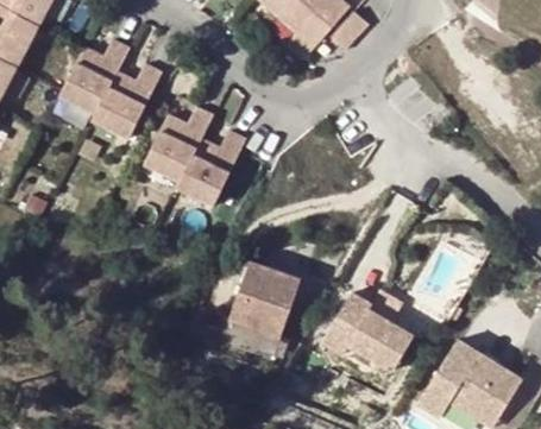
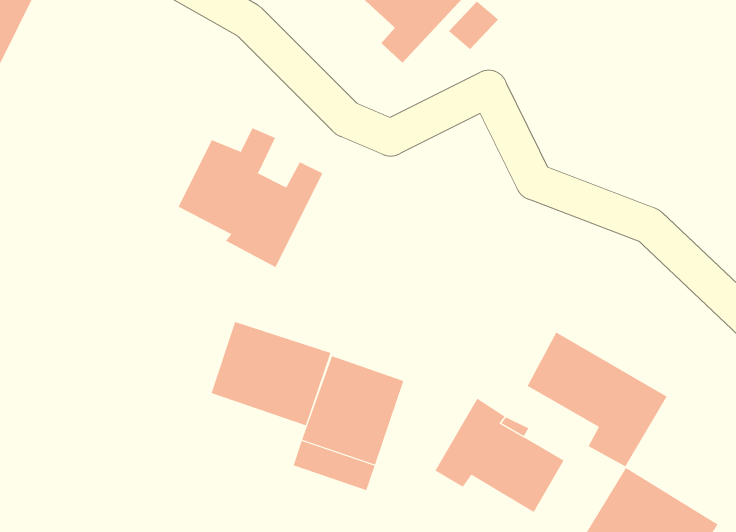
building: [57,38,159,135] -> none
building: none -> [211,321,331,426]
building: none -> [527,332,667,467]

